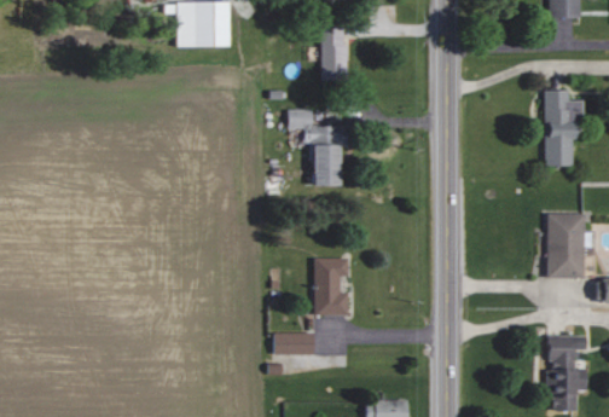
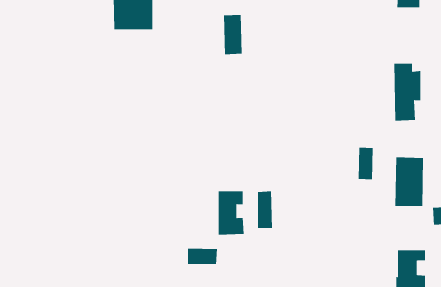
building: [289,109,346,185] -> none
building: none -> [358,147,373,180]
building: none -> [258,190,272,229]

